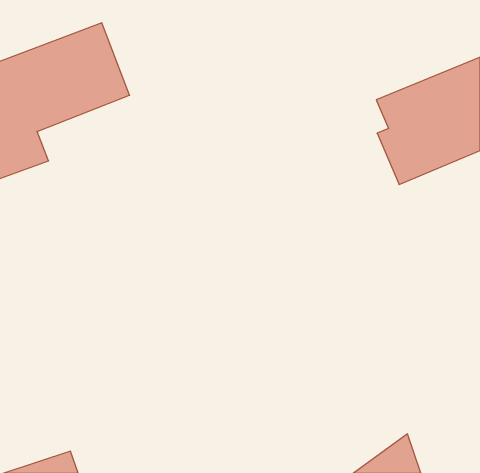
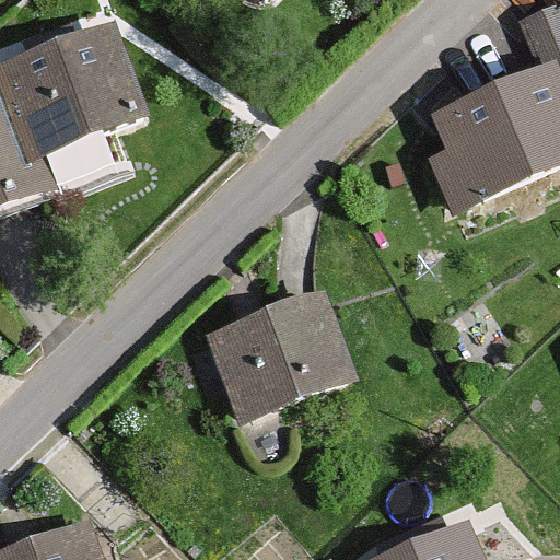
building: none -> [205,295,354,421]

